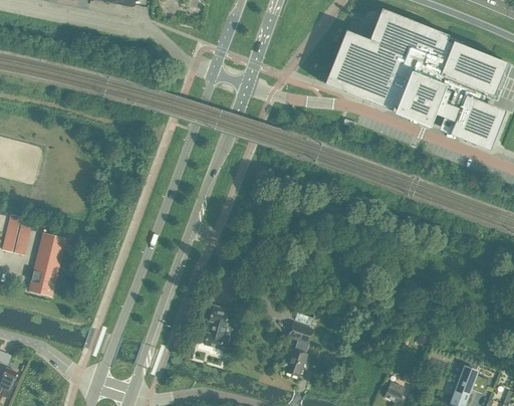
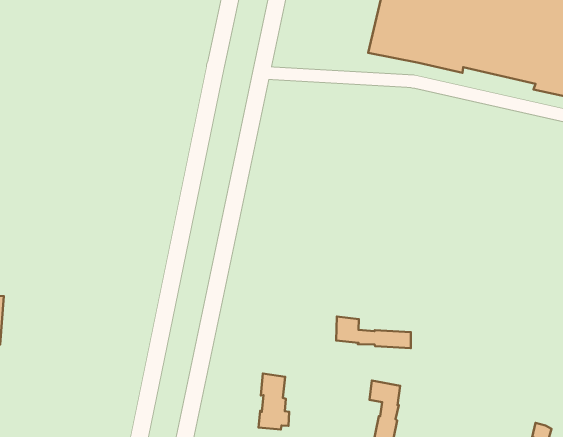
building: [27,234,65,298] -> none
building: none -> [336,317,411,348]

